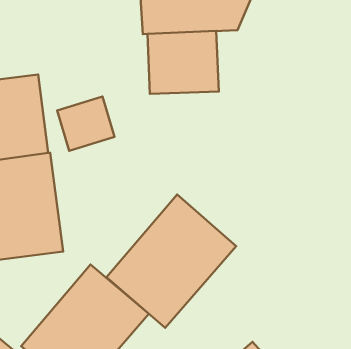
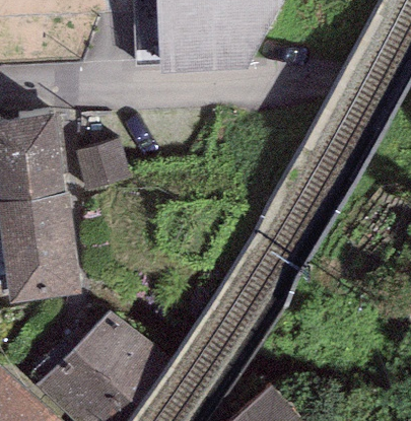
building: [147,31,219,94] -> none
building: [106,195,236,328] -> none

